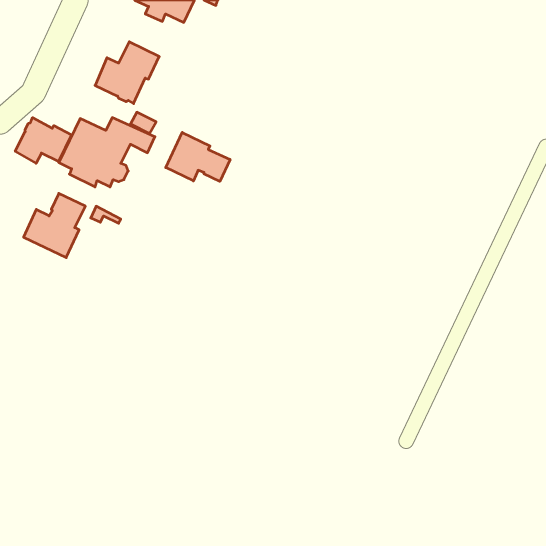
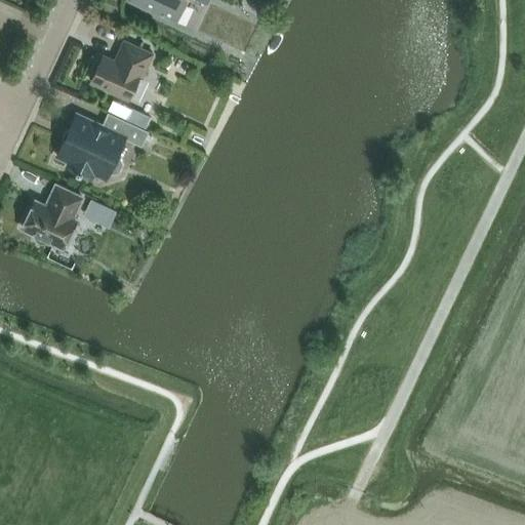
building: [15,118,72,163] -> none
building: [166,132,230,181] -> none

